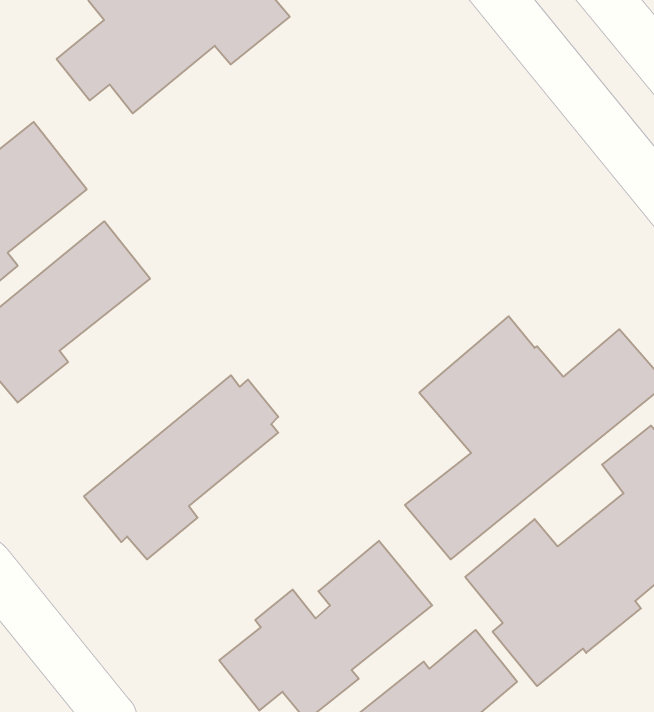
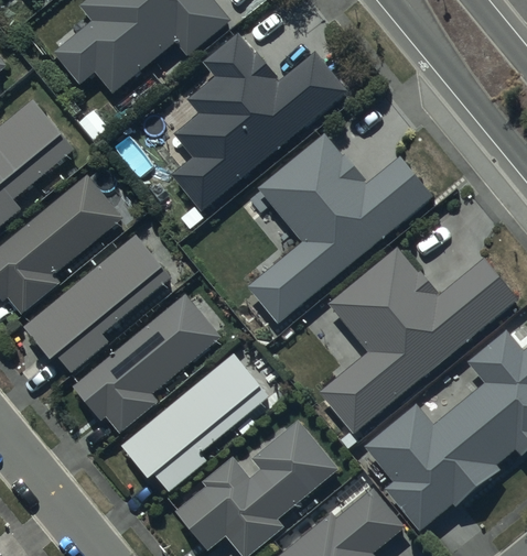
building: none -> [171,35,346,211]
building: none -> [248,133,432,323]
building: none -> [23,235,171,372]
building: none -> [119,353,268,492]

